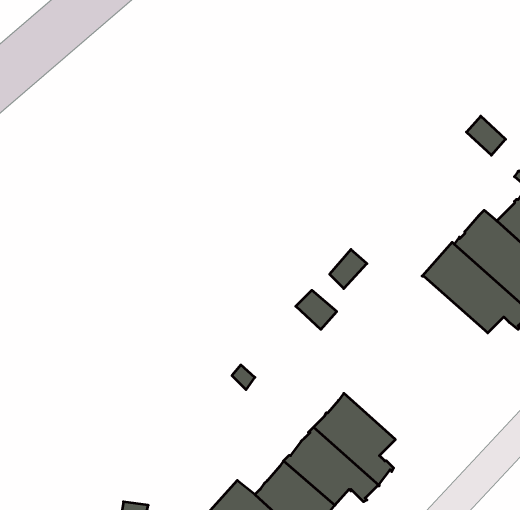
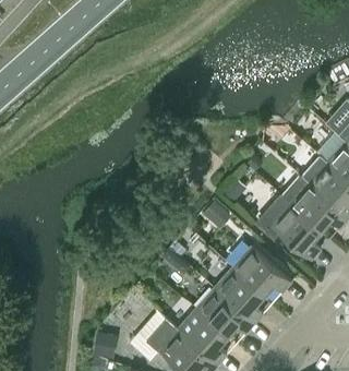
building: none -> [263,194,321,259]
building: none -> [232,246,291,295]

